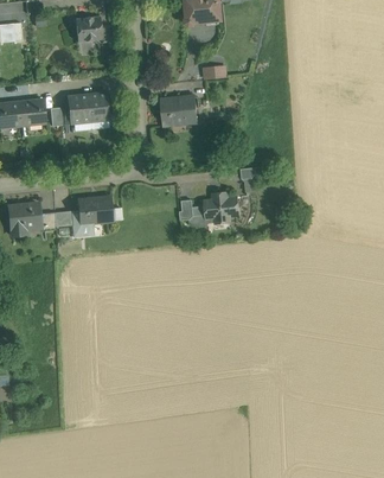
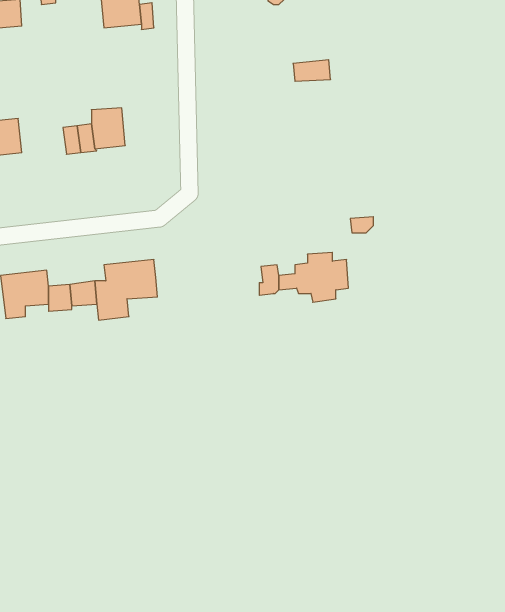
building: [89,93,111,120] -> none
building: [161,95,198,126] -> none
building: [20,98,45,125] -> none

